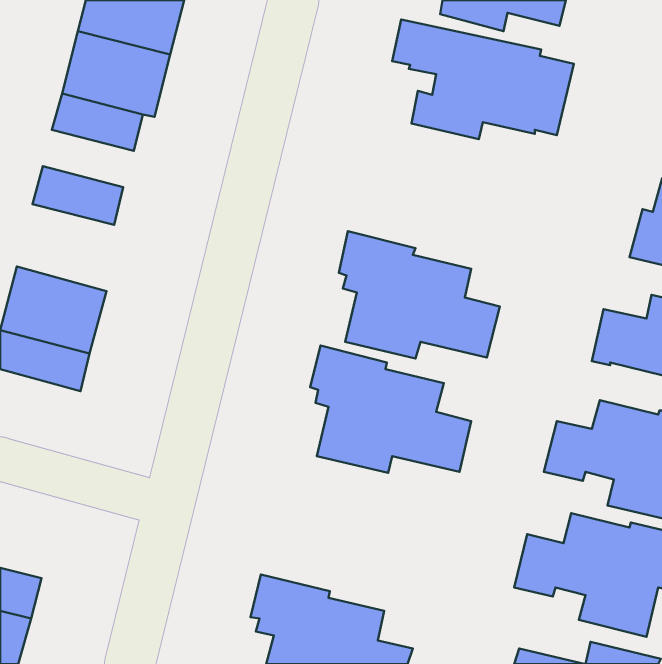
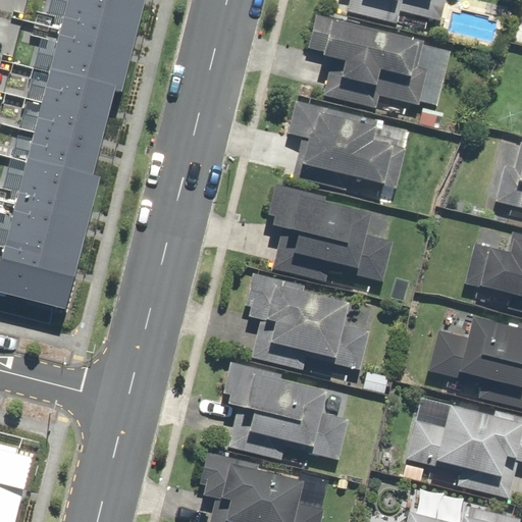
building: none -> [289,100,407,189]
building: none -> [35,102,106,147]
building: none -> [14,160,98,228]
building: none -> [222,360,350,460]

